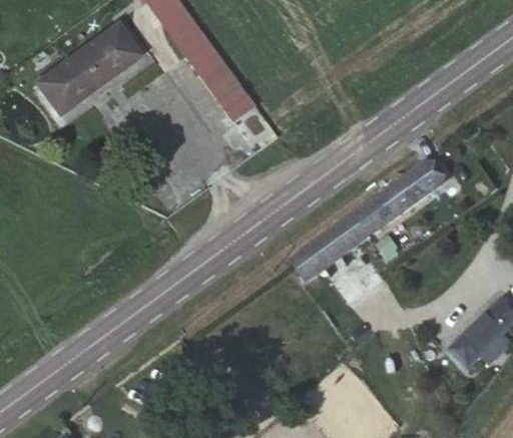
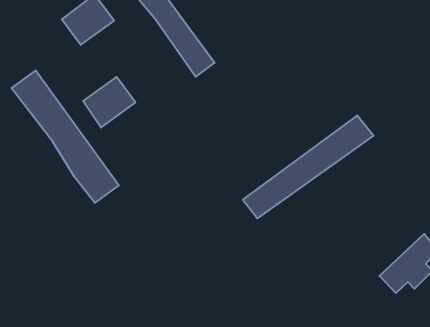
building: [37,52,98,111] -> [83,77,135,128]
building: none -> [12,70,119,203]

